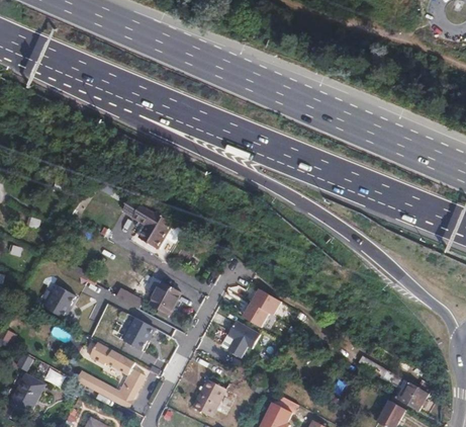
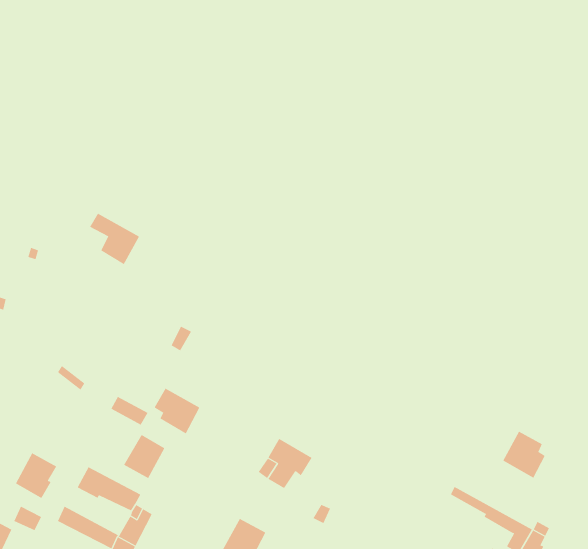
building: [135,204,172,242] -> [89,213,140,265]
building: [45,285,76,319] -> [15,453,57,499]
building: [242,287,279,326] -> none
building: none -> [502,431,546,479]

